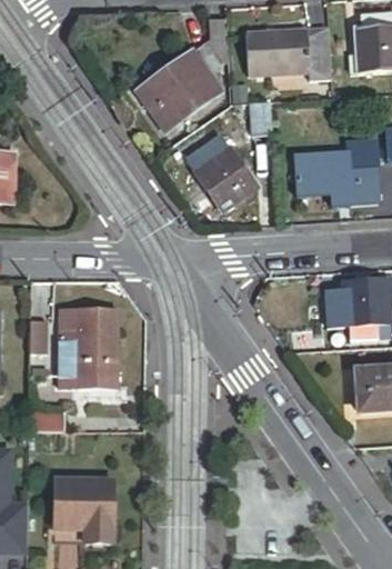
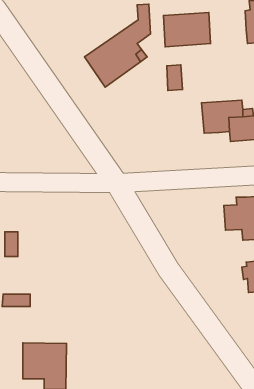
building: [305,27,331,78] -> none
building: [184,130,258,209] -> none
building: [58,306,115,382] -> none

